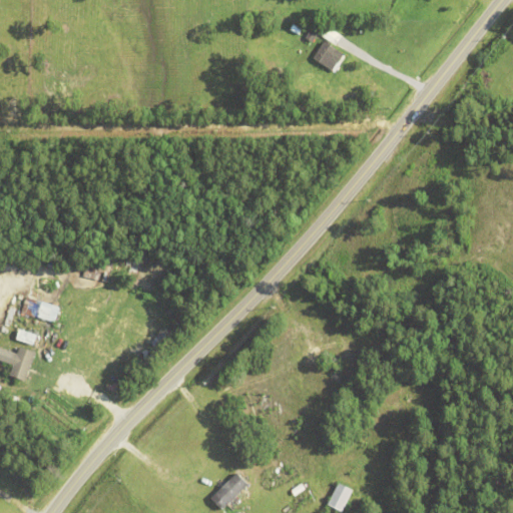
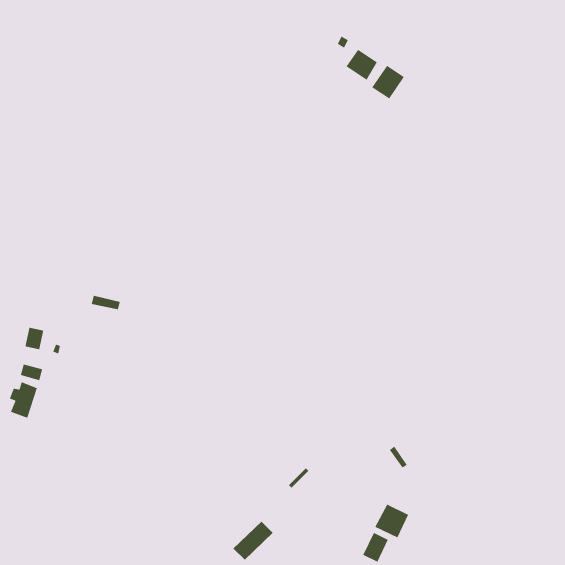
building: none -> [371,65,405,99]
building: none -> [374,504,409,538]

